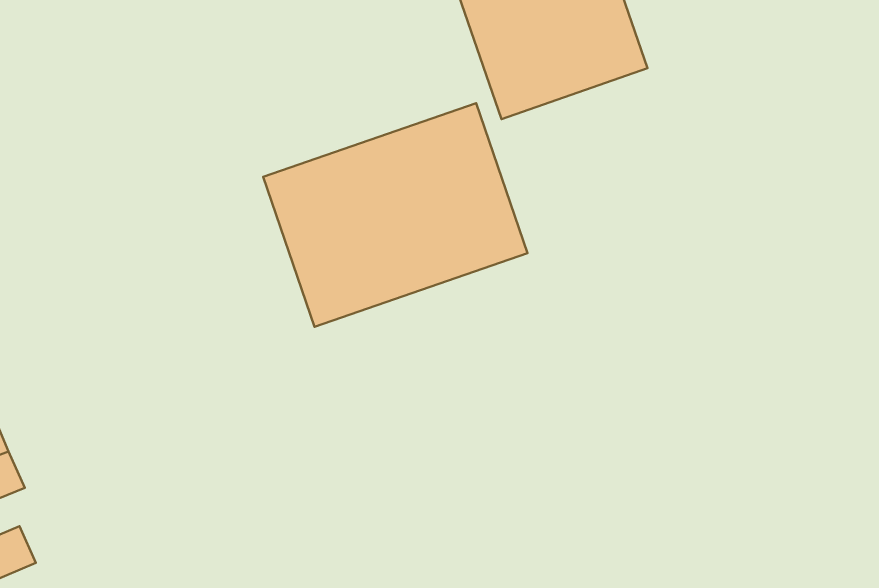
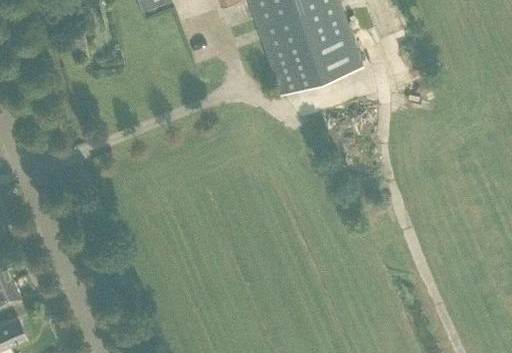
building: [263,103,528,327] -> none

